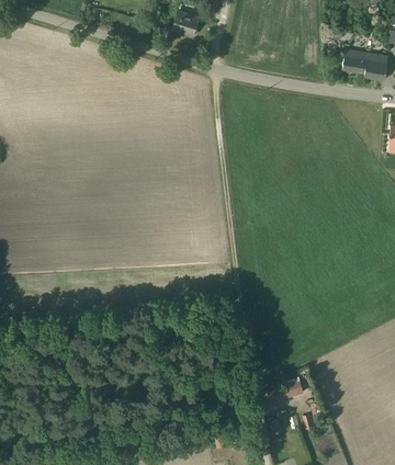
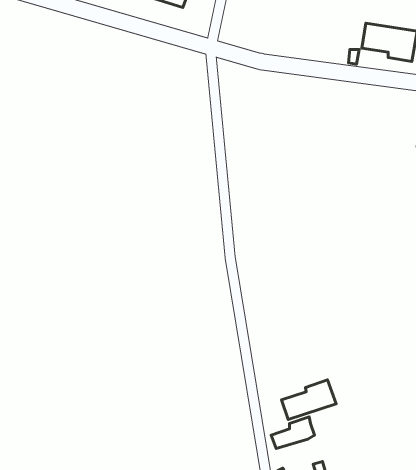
building: none -> [282,380,336,420]

